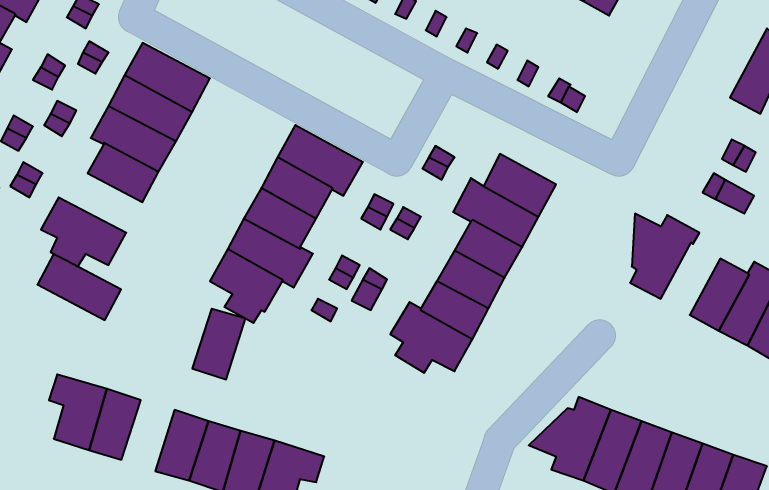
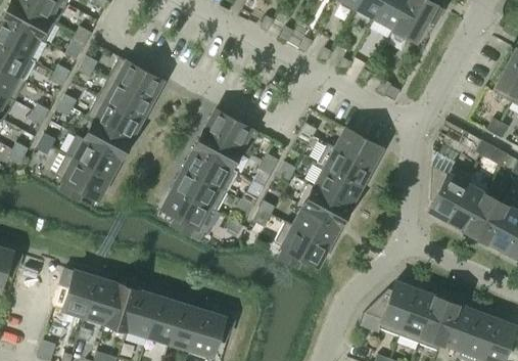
building: none -> [448,184,485,230]
building: [37,254,121,320] -> [65,136,119,178]
building: [192,309,245,380] -> [105,284,139,329]

